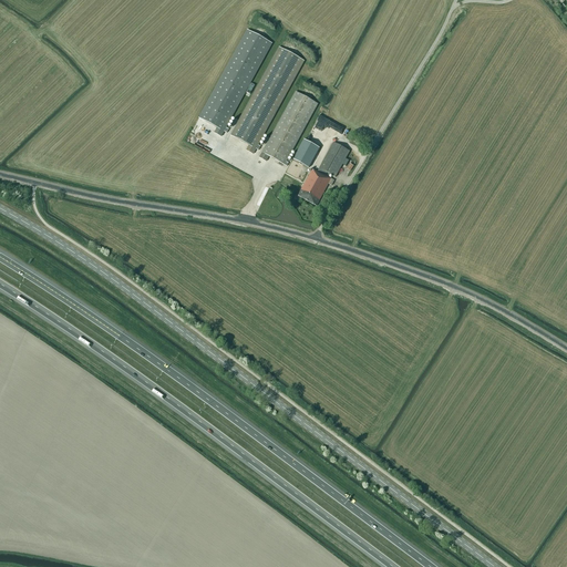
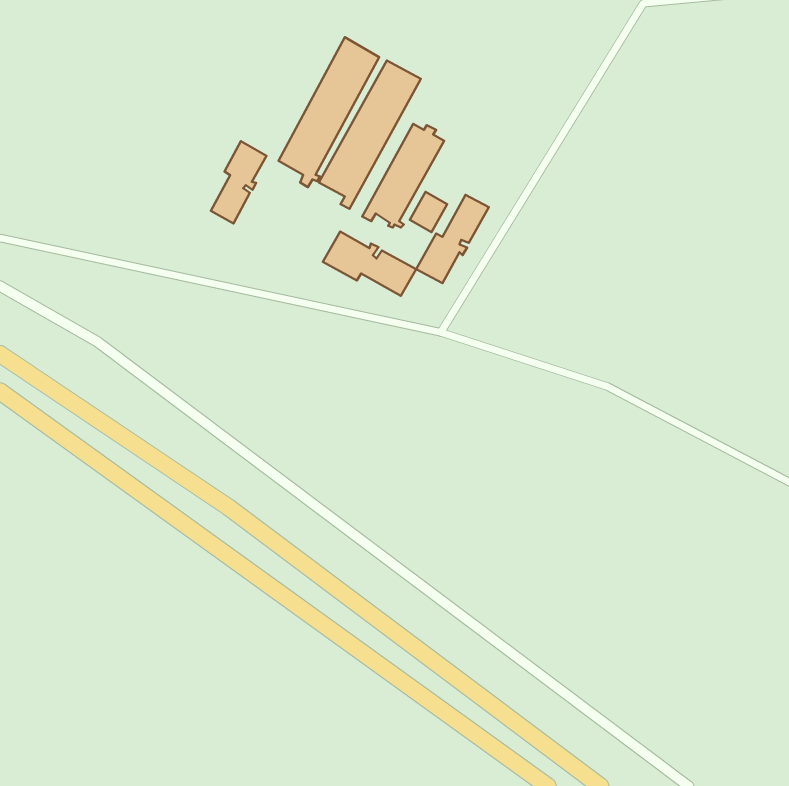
building: none -> [211,141,266,223]
building: none -> [323,232,416,296]

